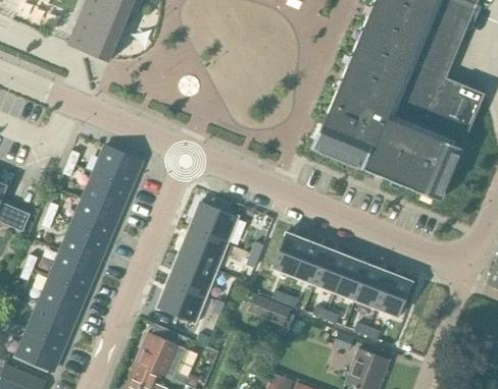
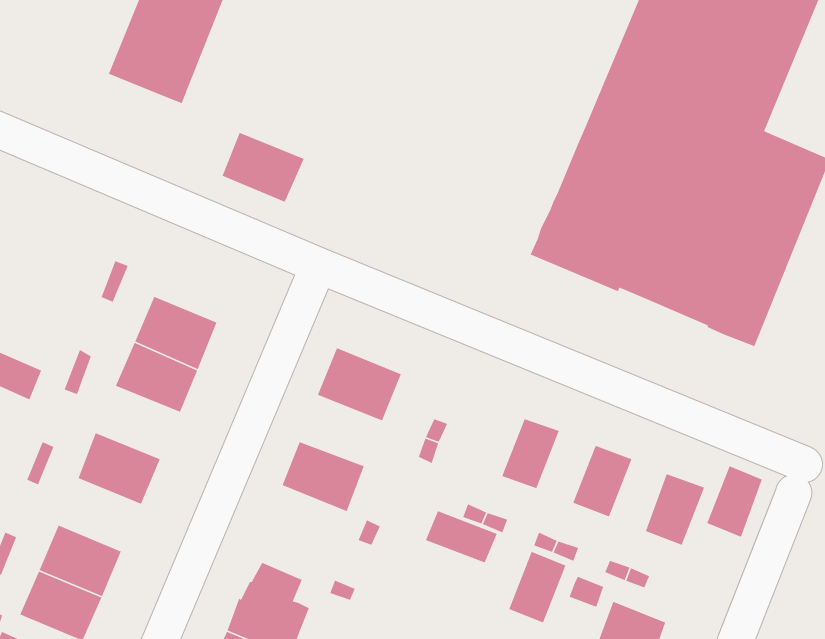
building: [94,146,142,186] -> [221,132,305,203]
building: [60,223,109,265] -> none
building: [178,228,226,269] -> none
building: [272,232,307,275] -> none
building: [314,248,348,290] -> [508,551,567,624]
building: [356,265,389,307] -> [706,465,763,538]
building: [39,276,87,318] -> none
building: [156,280,205,322] -> none

